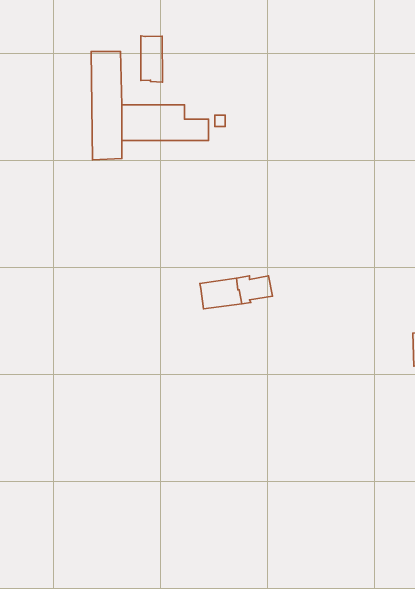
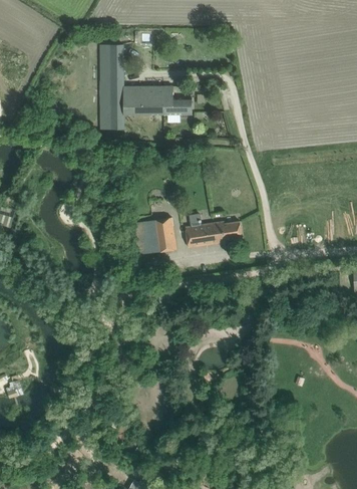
building: [141,36,162,82] -> none
building: none -> [132,217,175,254]

